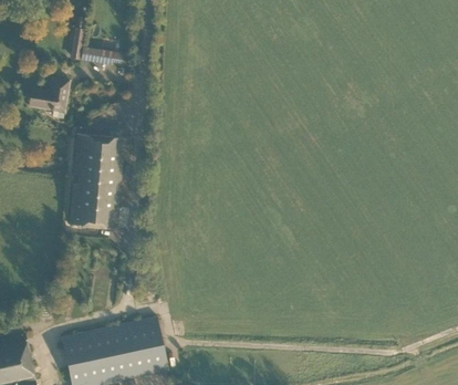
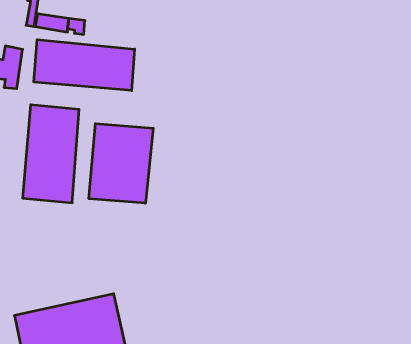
building: none -> [34,40,135,91]
building: none -> [89,124,153,203]

